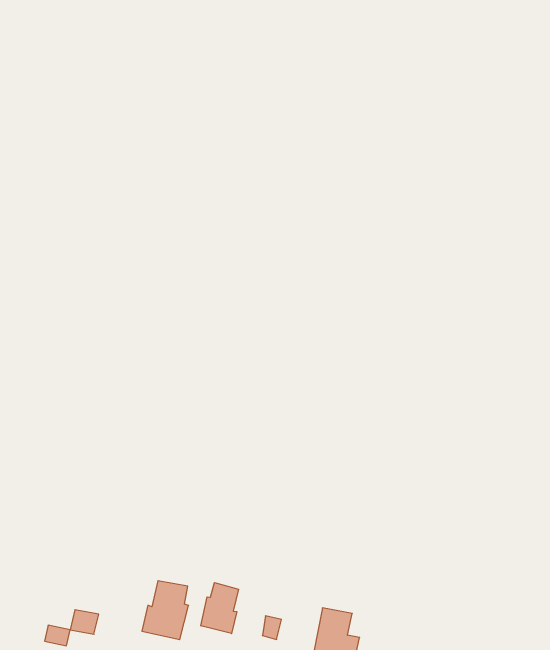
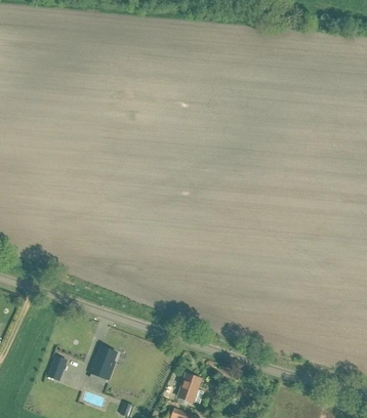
building: [201,583,238,634] -> none

